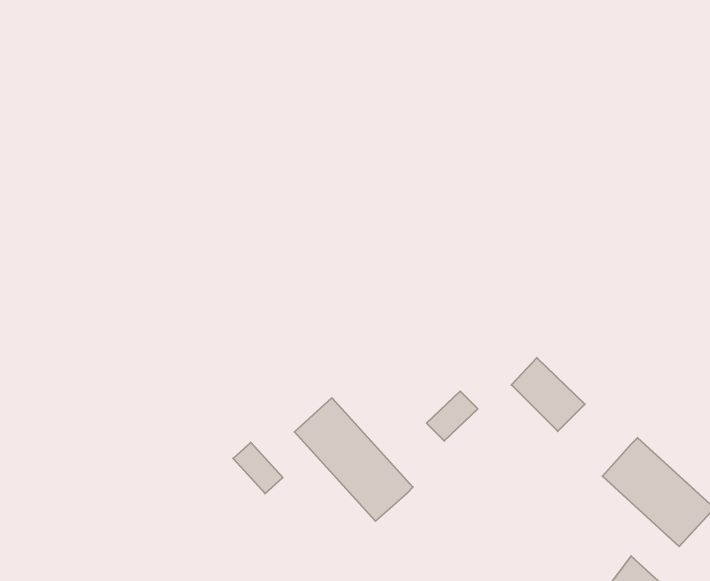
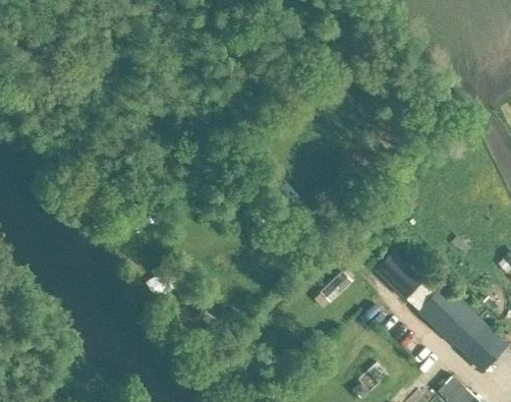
building: [294,398,413,521] -> none
building: none -> [417,285,457,326]

